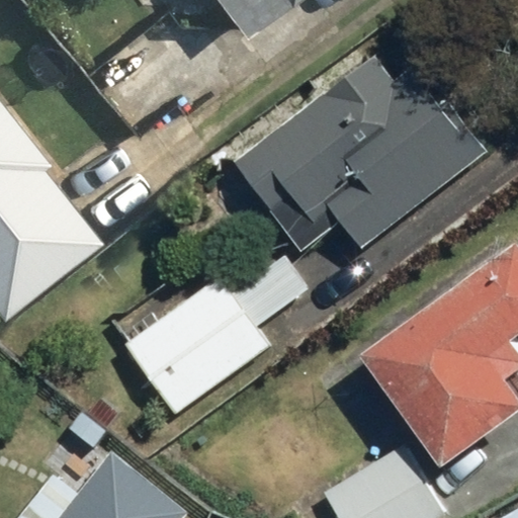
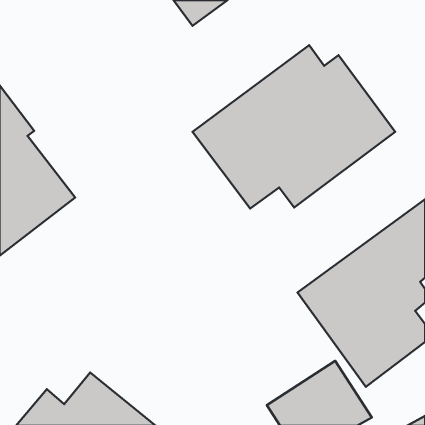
building: [123,256,306,415] -> none

